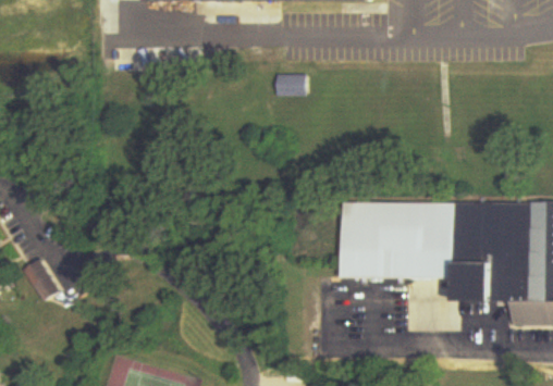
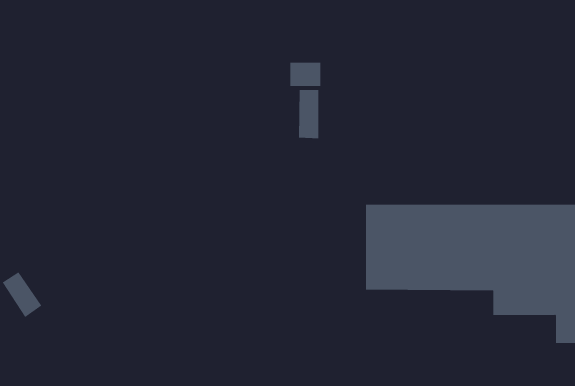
building: none -> [299,89,319,139]

